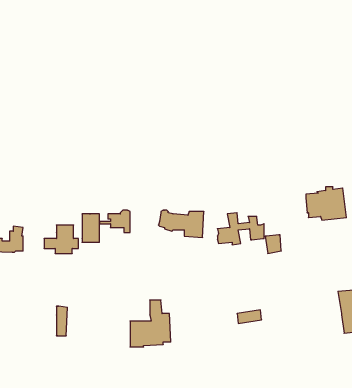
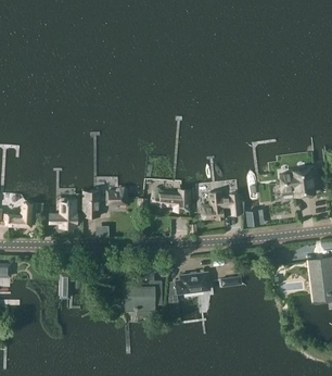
building: none -> [175,272,208,293]

